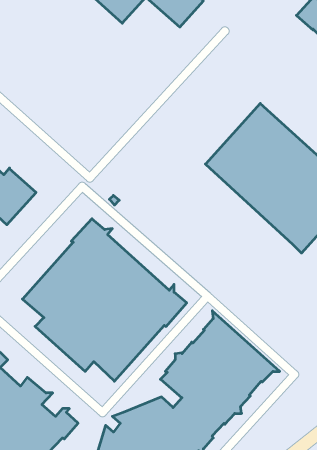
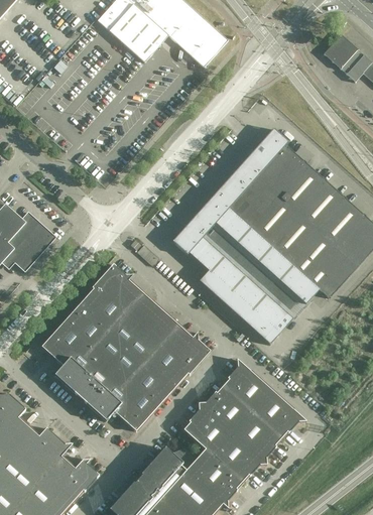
building: none -> [172,128,320,345]

